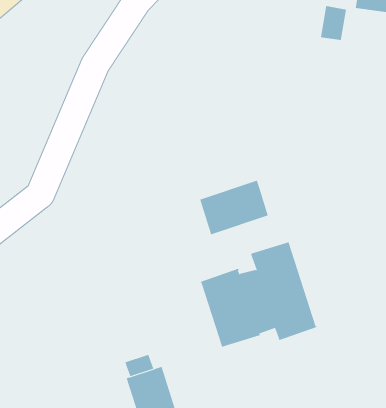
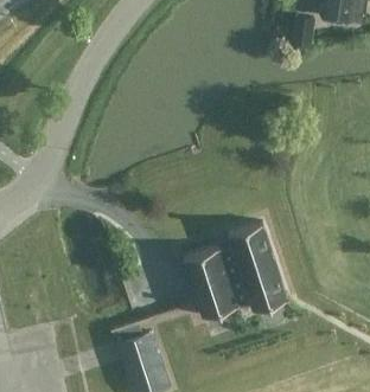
building: [200,180,269,235] -> none

